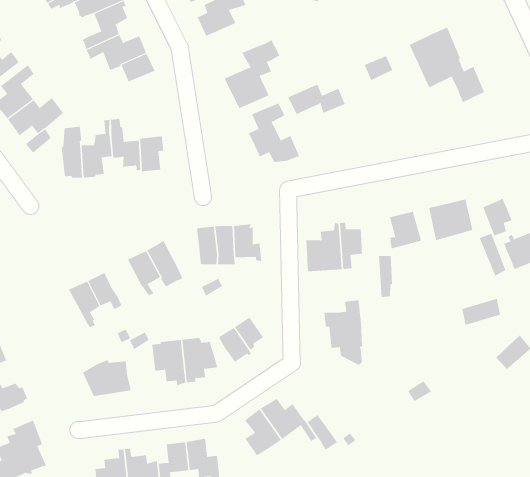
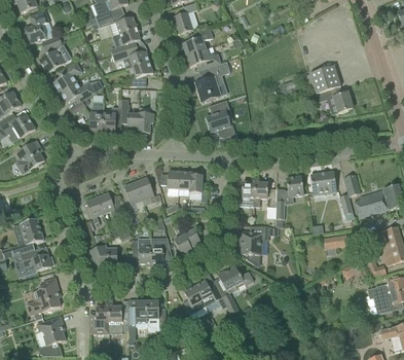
building: [287,84,346,115] -> [186,48,221,67]
building: none -> [217,264,253,289]

